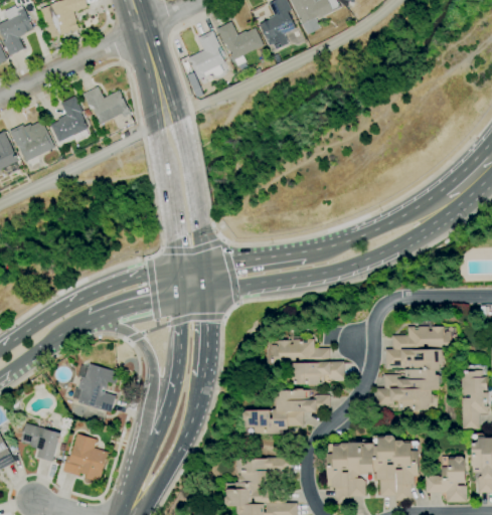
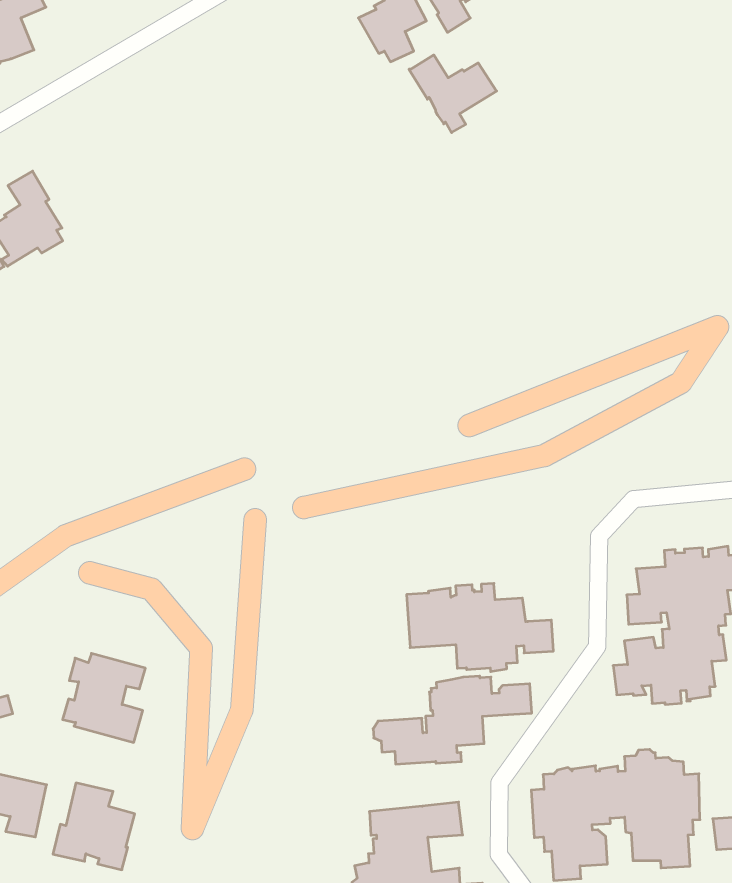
building: [216,21,264,64] -> [409,55,497,133]
building: [187,30,224,79] -> none
building: [83,85,131,124] -> none

